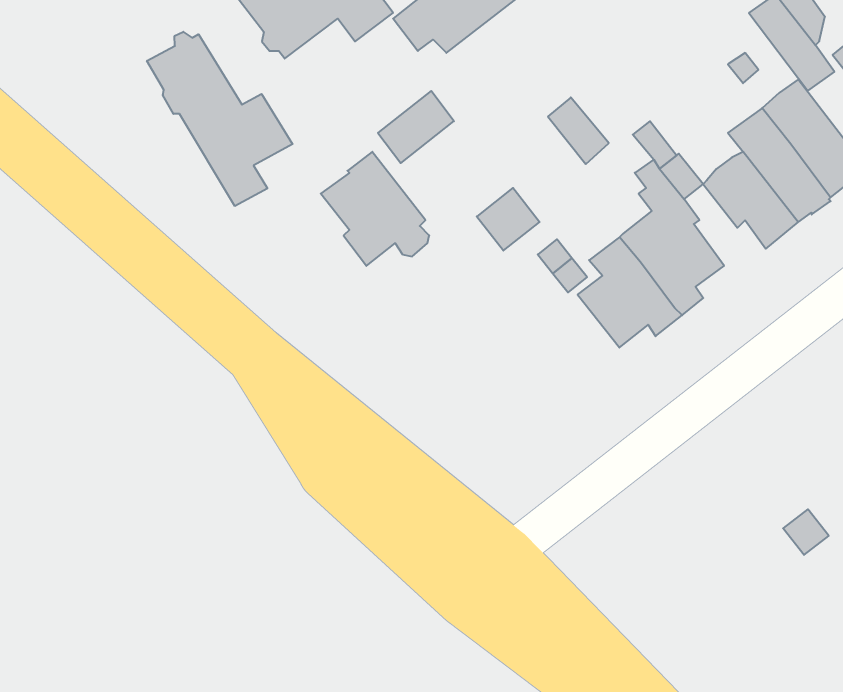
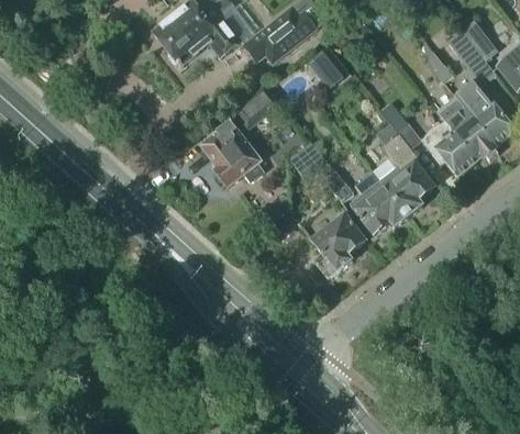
building: [147,32,293,206] -> none
building: [548,97,609,164] -> [308,48,343,87]
building: none -> [312,215,365,278]

